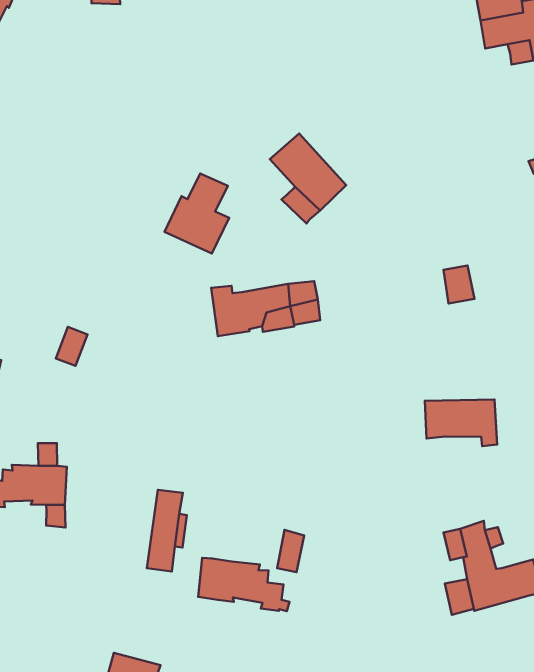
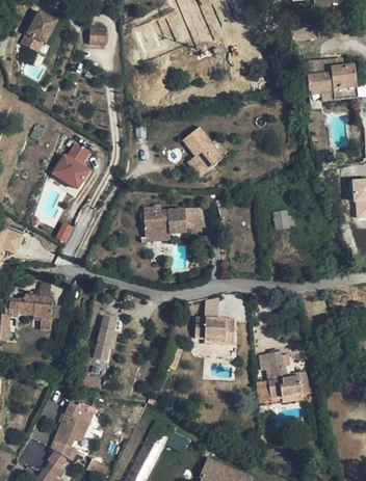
building: [164,173,229,253] -> [54,145,92,190]
building: [425,399,497,446] -> [194,316,234,344]
building: [198,558,289,611] -> none

